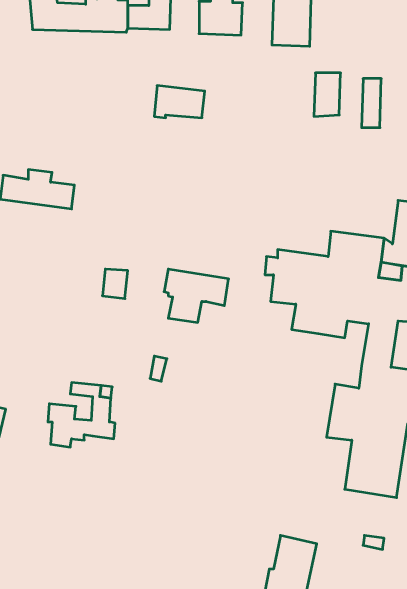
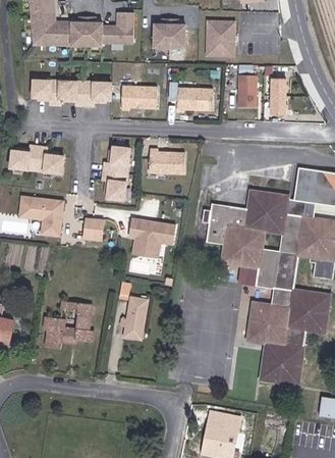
building: none -> [32,80,110,105]
building: none -> [176,85,214,109]
building: none -> [102,148,129,203]
building: none -> [148,152,184,174]
building: none -> [18,196,63,236]
building: none -> [237,256,277,289]
building: none -> [123,297,148,340]

